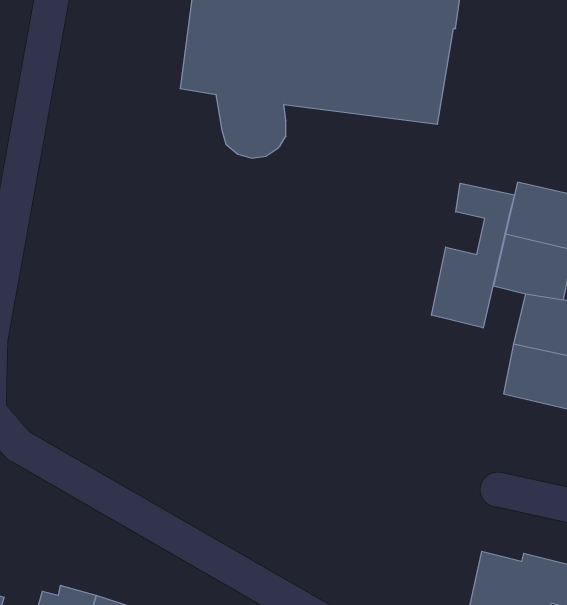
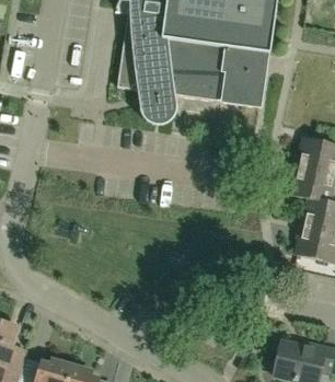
building: [432,183,515,328] -> none

